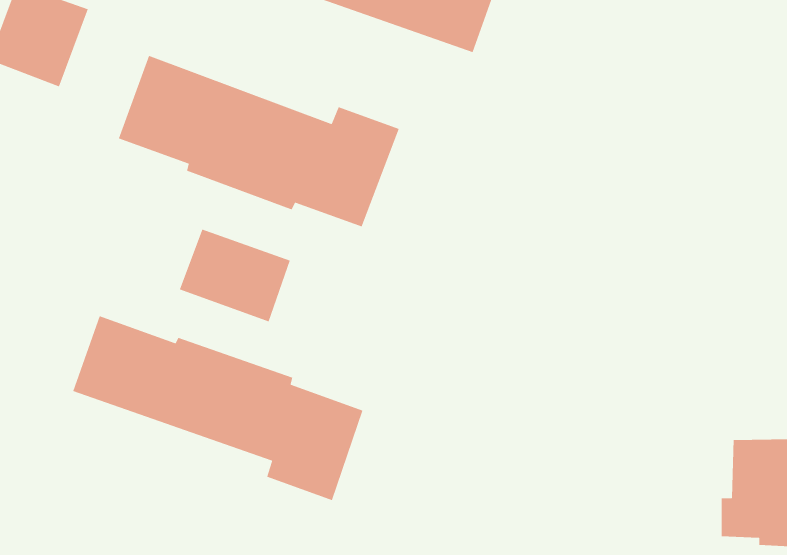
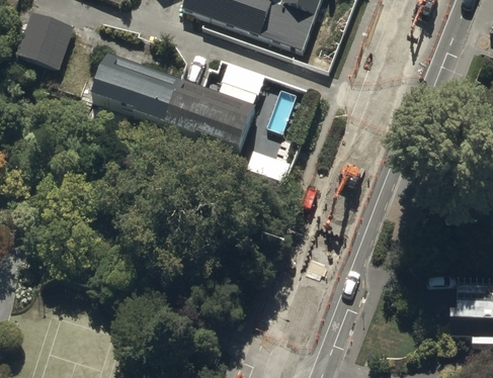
building: [179,229,291,322] -> none
building: [72,315,364,501] -> none

